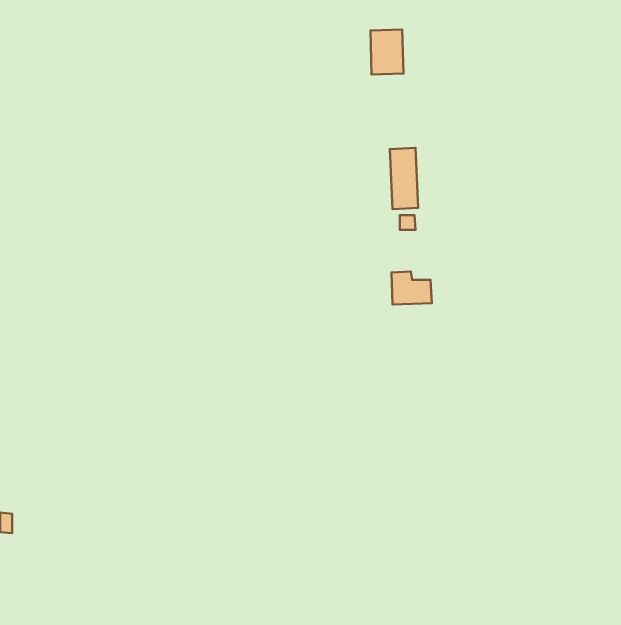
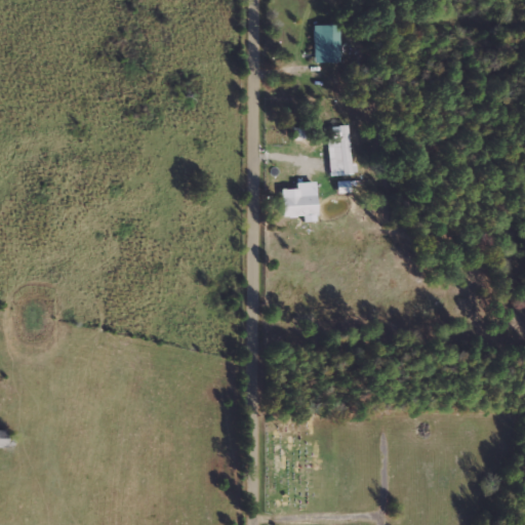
building: [391,271,432,304] -> [282,188,316,215]

